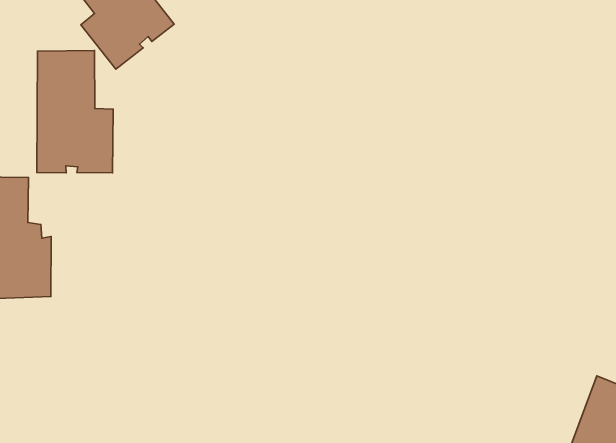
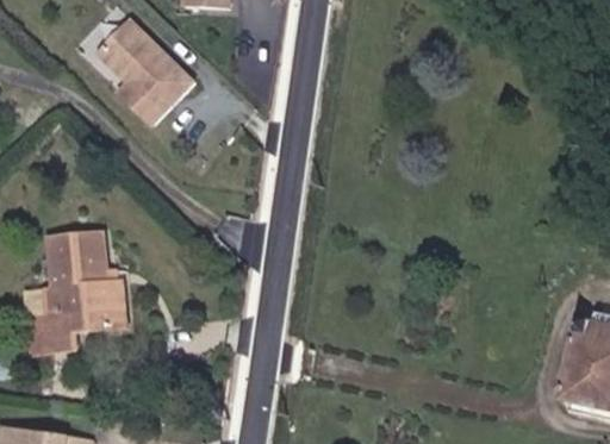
building: [37,51,113,173] -> none

